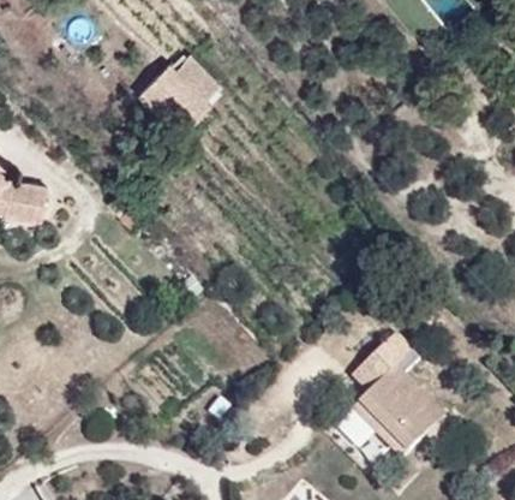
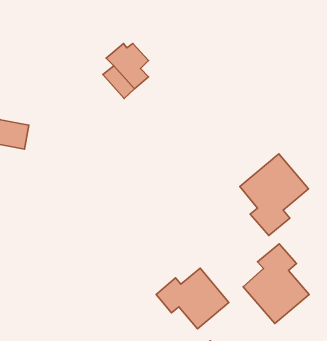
building: none -> [240,154,309,236]
building: none -> [156,268,229,329]

